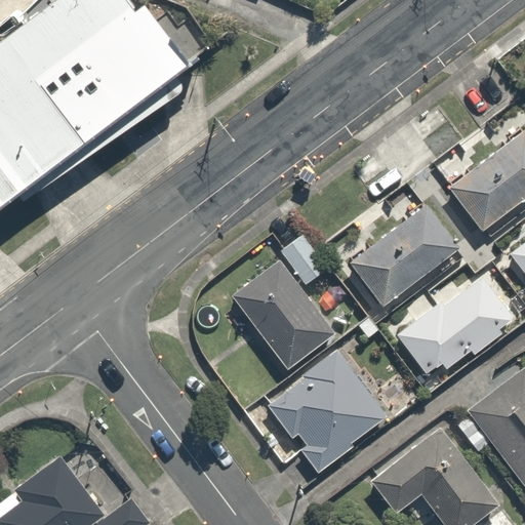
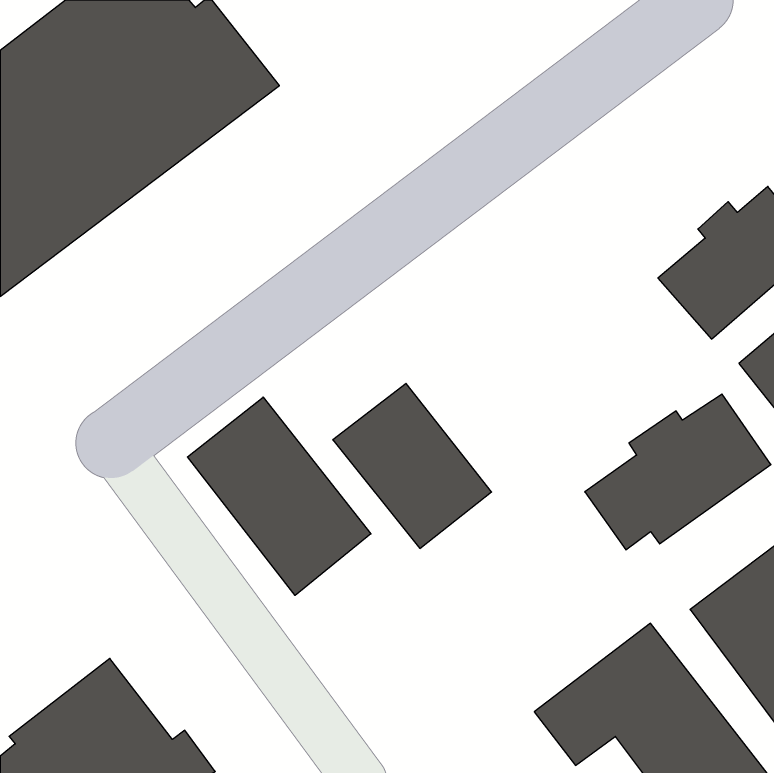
building: [346,202,462,310] -> none
building: none -> [187,397,371,595]
building: [260,348,394,480] -> none

